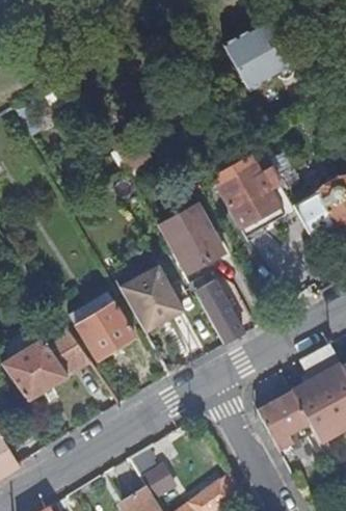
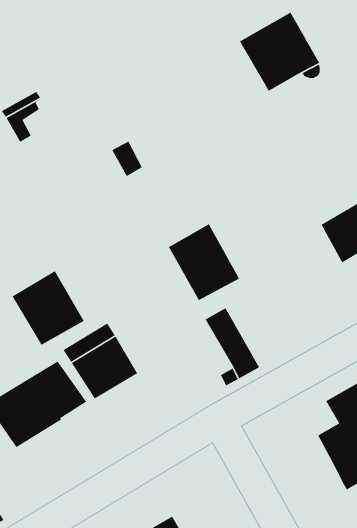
building: [217,164,280,227] -> none
building: [119,266,184,332] -> [11,270,85,346]
building: [257,391,314,459] -> none

